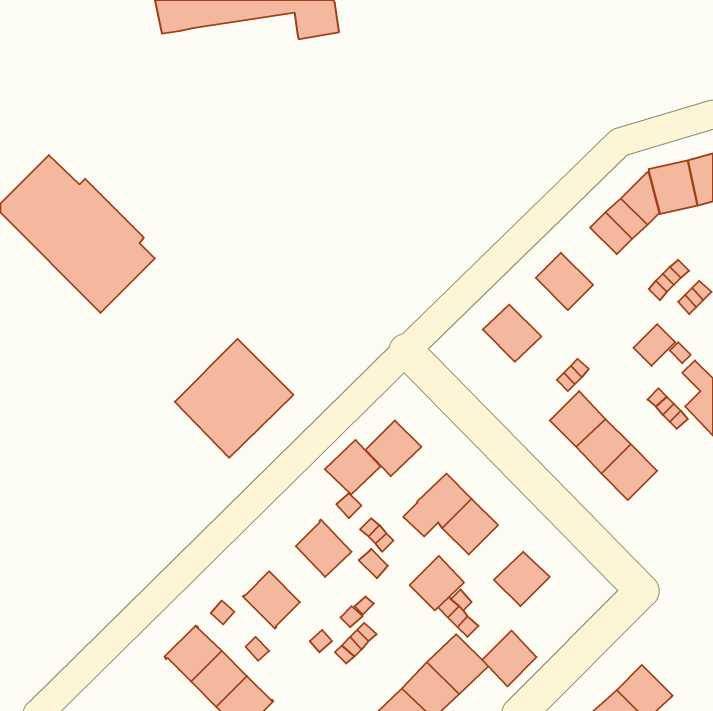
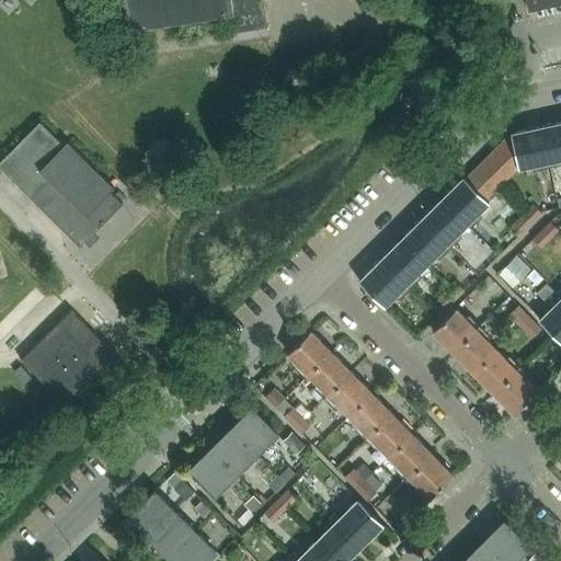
building: none -> [440,178,489,226]
building: none -> [400,220,446,266]
building: none -> [358,261,404,308]
building: [175,339,293,458] -> [21,312,114,405]
building: [325,440,381,494] -> [307,353,351,396]
building: none -> [493,371,537,415]
building: none -> [211,431,255,474]
building: [410,556,464,610] -> [368,414,411,457]
building: [482,631,537,686] -> [409,455,451,499]

